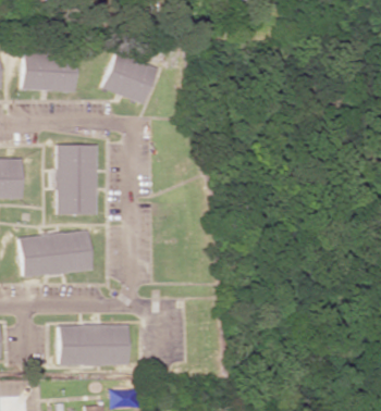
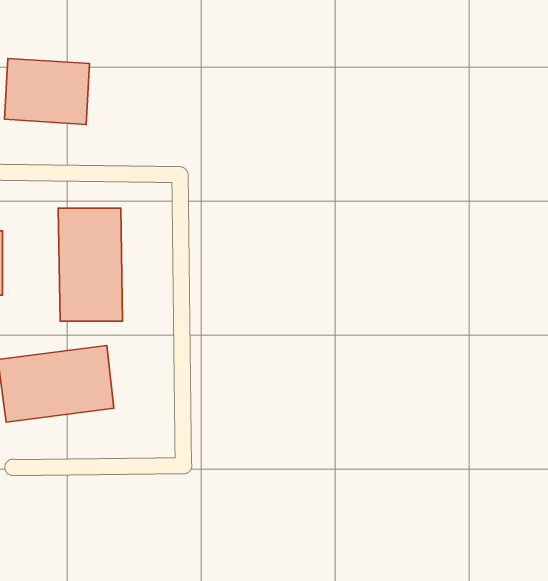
building: [102,53,156,104] -> none
building: [59,326,128,365] -> none

